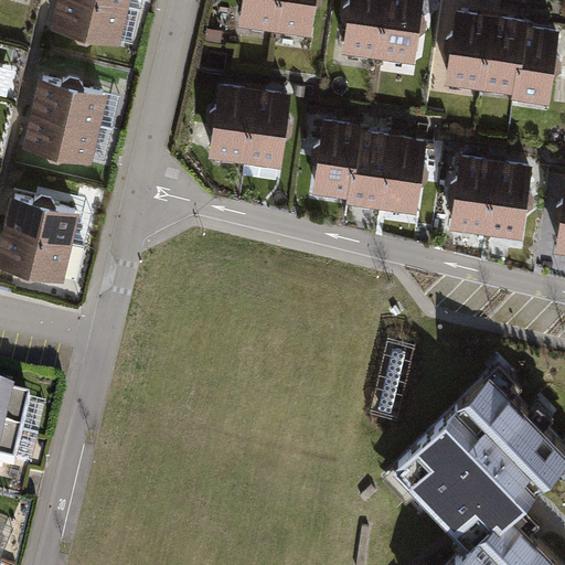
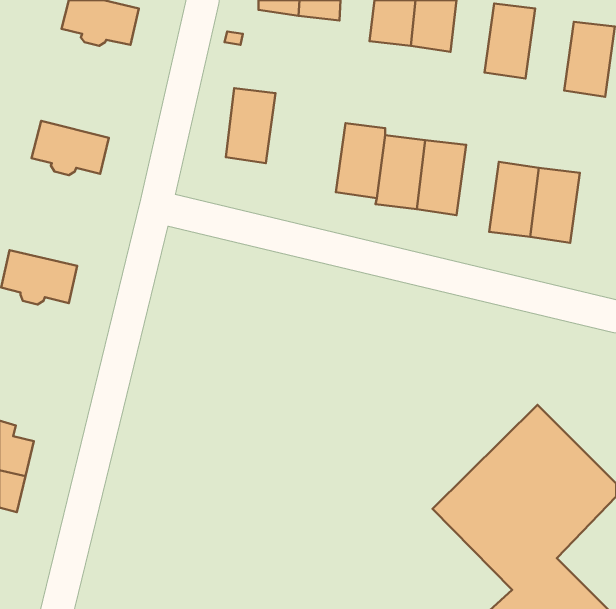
building: [480,15,525,84] -> none
building: [38,83,108,134] -> none
building: [243,93,288,161] -> none
building: [9,200,79,250] -> none

